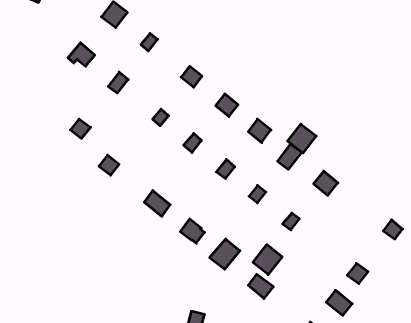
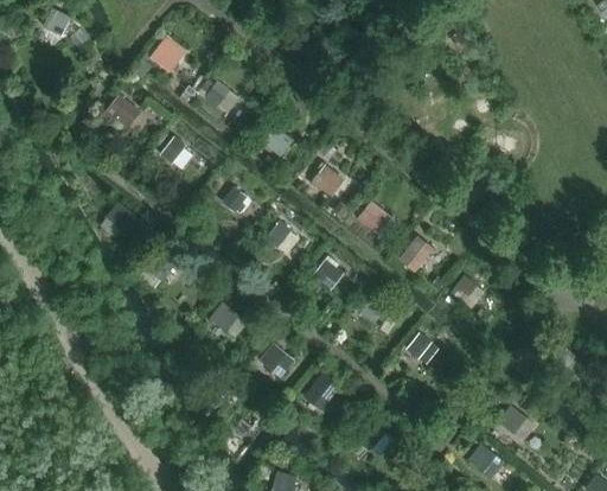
building: [288,124,316,153] -> none
building: [253,245,282,275] -> none

